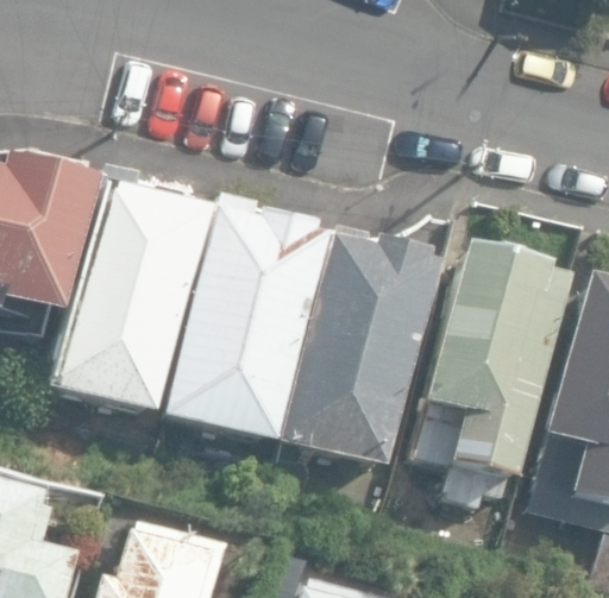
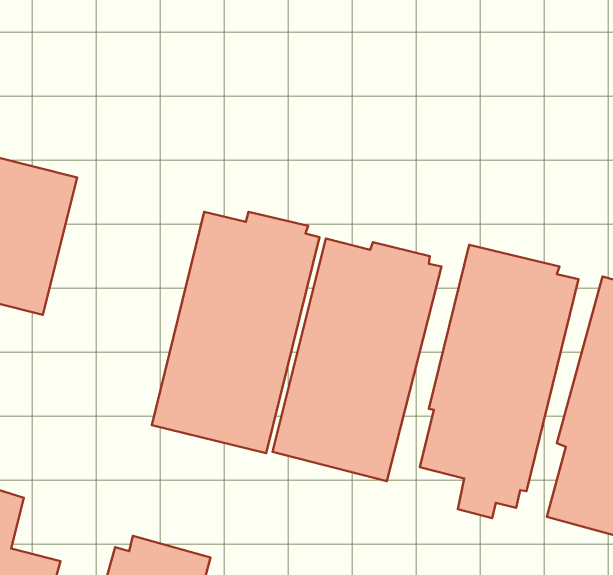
building: [49,169,206,415] -> none

